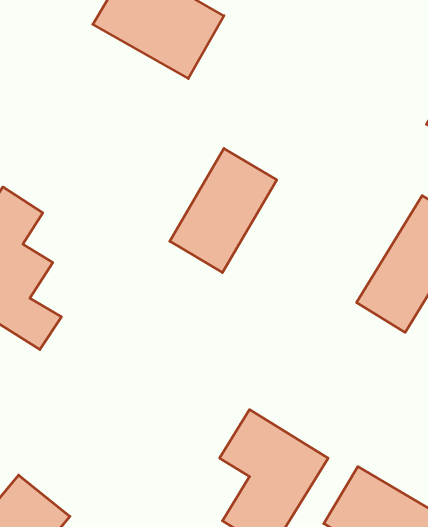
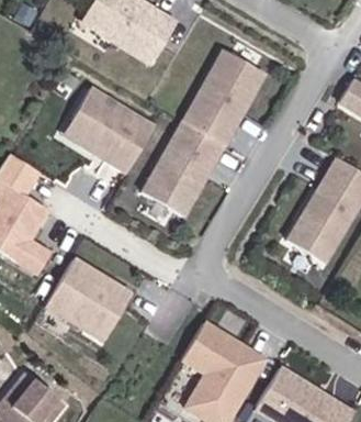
building: none -> [183,49,266,145]
building: none -> [61,84,158,176]
building: none -> [46,254,137,341]

